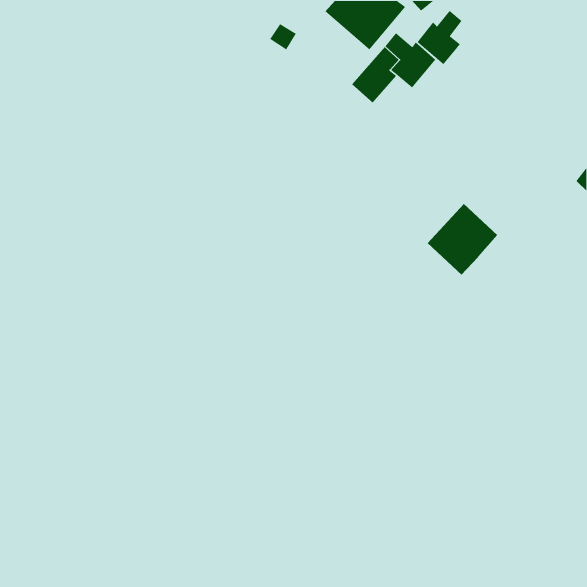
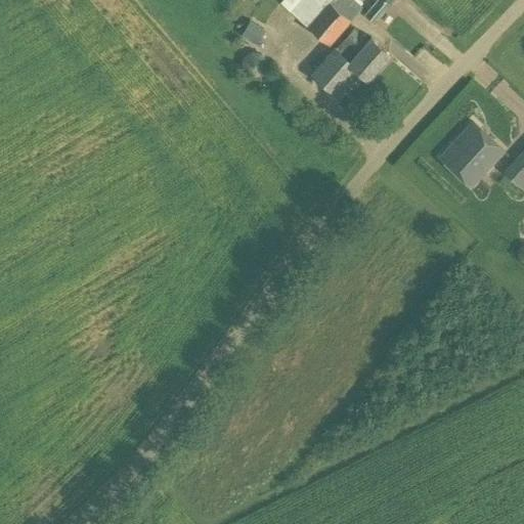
building: [416,10,463,65] -> none
building: [427,203,498,276] -> [439,123,503,187]

